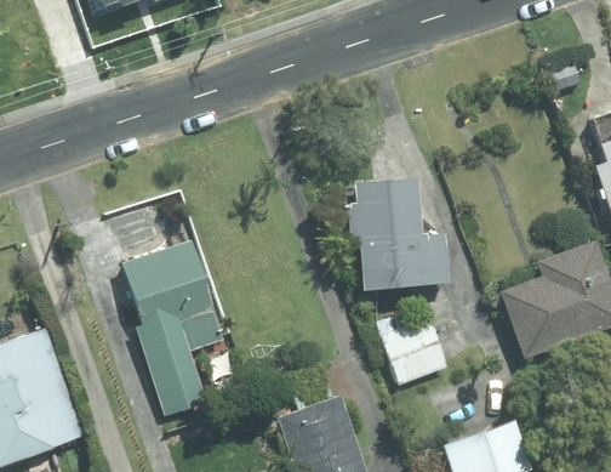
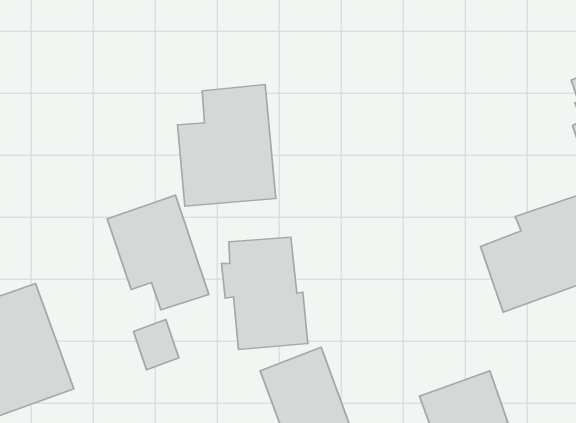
building: none -> [177,84,276,206]
building: [341,178,428,292] -> [222,237,308,350]
building: [379,318,449,386] -> none

